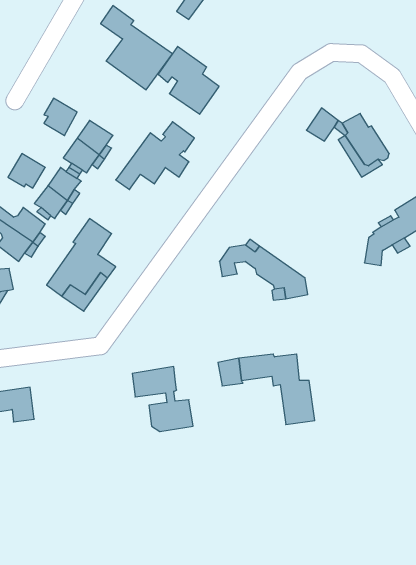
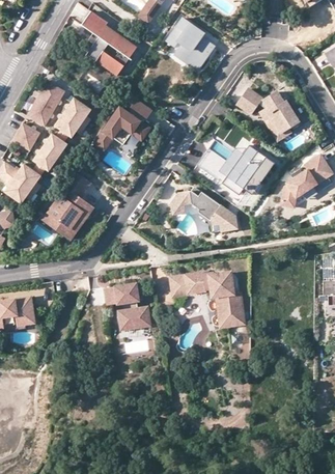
building: [158,46,219,114] -> [167,18,213,68]
building: none -> [27,100,55,127]
building: none -> [196,145,275,195]

